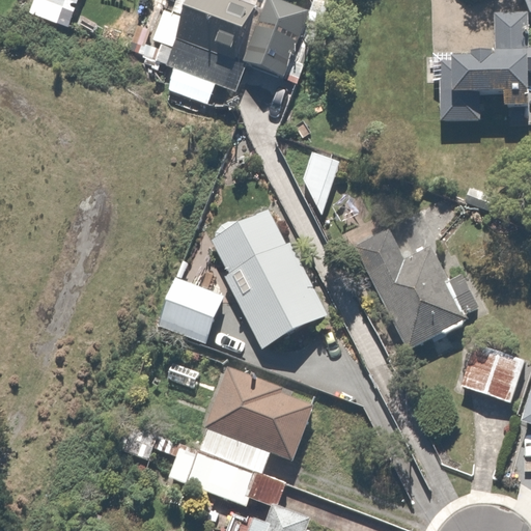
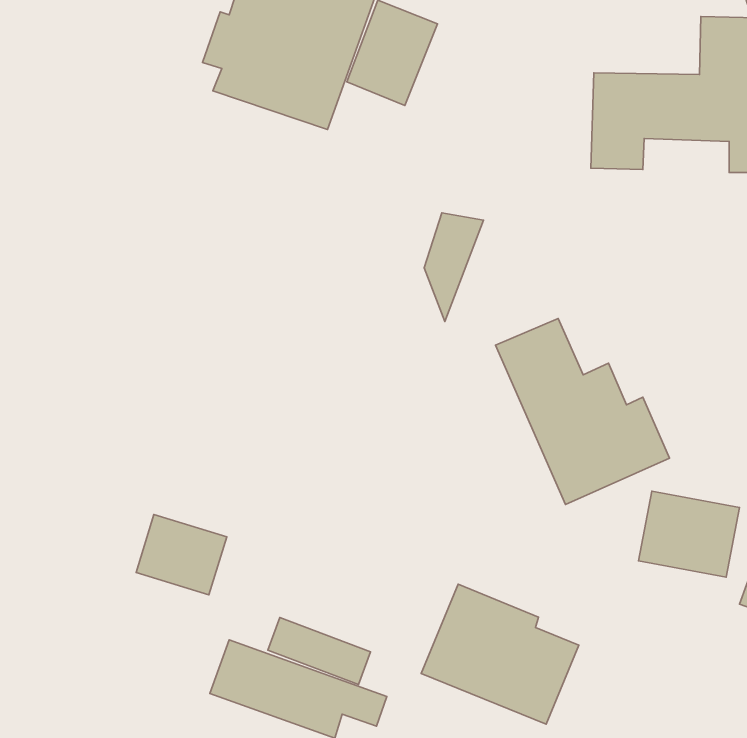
building: [207,206,330,347] -> none
building: [159,280,222,336] -> [136,515,227,595]
building: [203,363,313,460] -> [421,584,579,724]

